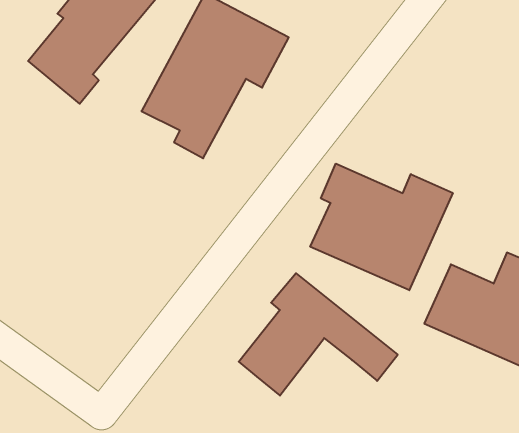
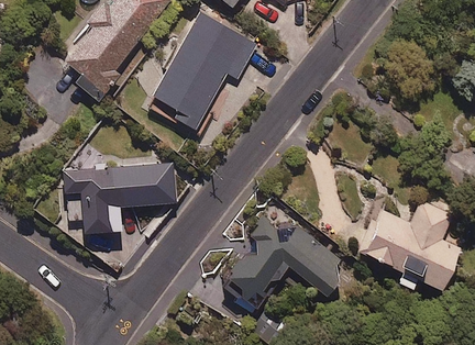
building: [310,164,453,290] -> none
building: none -> [63,165,178,236]

